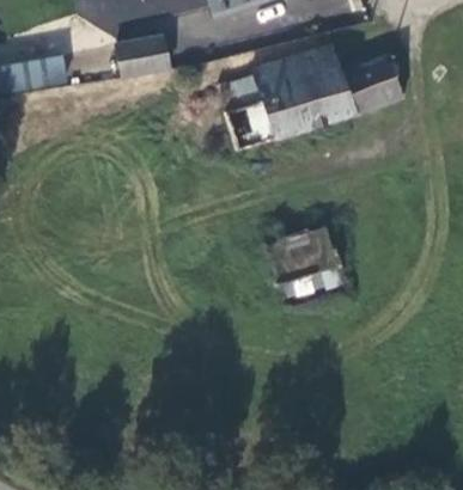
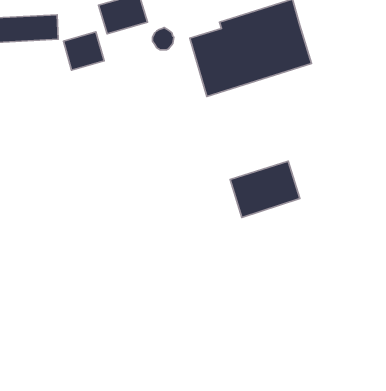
building: [342,49,406,115] -> none
building: none -> [63,32,104,70]

